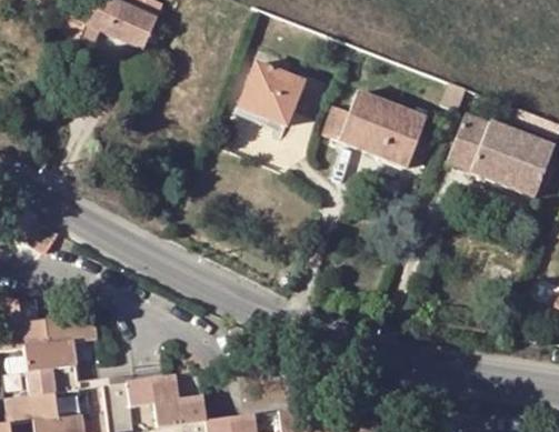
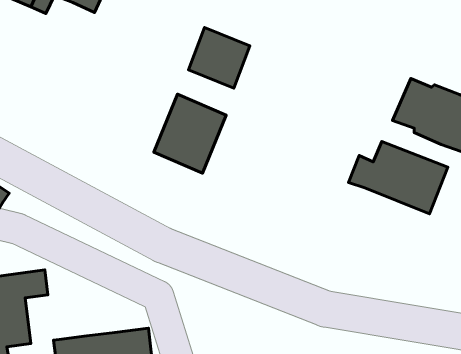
building: [325,93,427,168] -> [348,141,448,214]
building: none -> [154,94,226,173]

